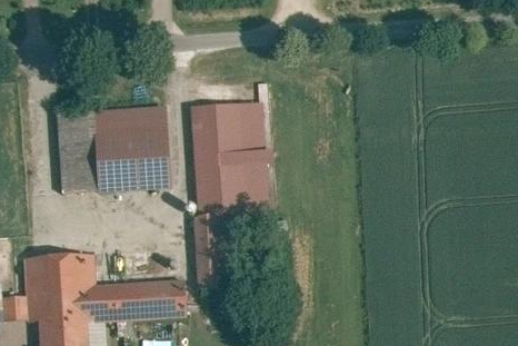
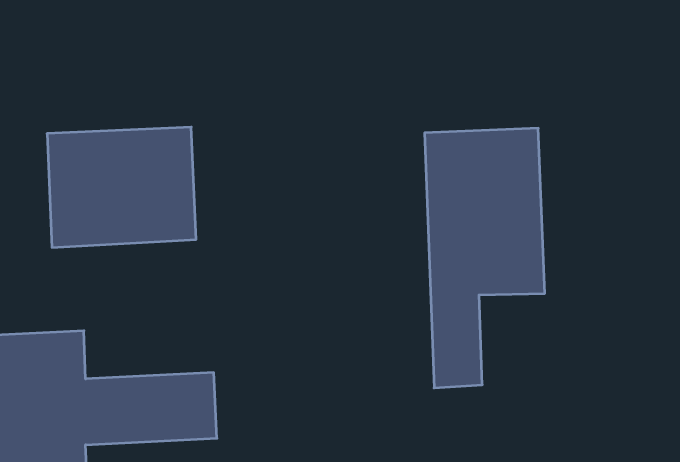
building: [190,102,273,283] -> [425,128,545,388]

